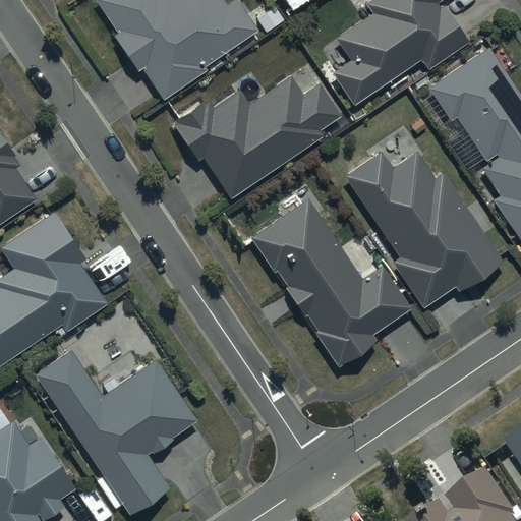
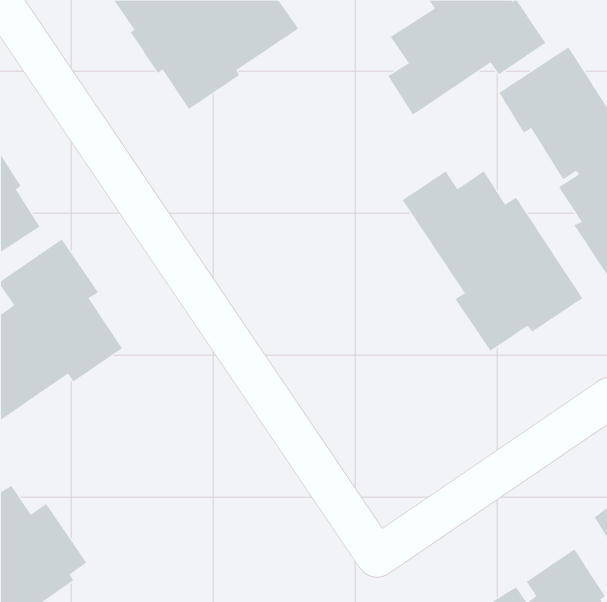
building: [172,75,340,197] -> none
building: [248,197,411,365] -> none
building: [35,349,198,513] -> none

